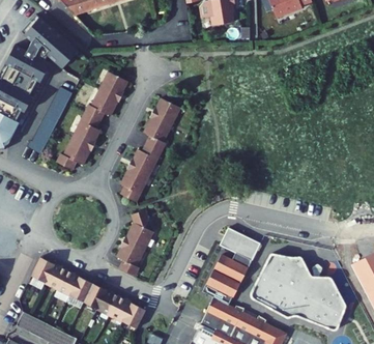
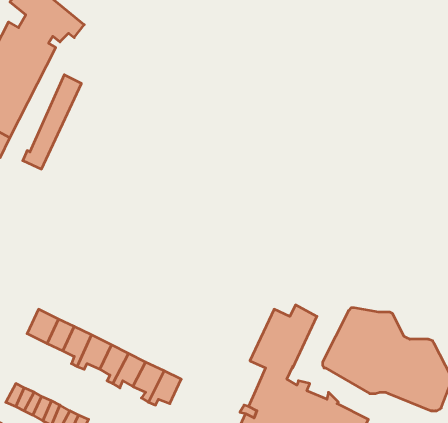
building: [57,69,126,169] -> none
building: [121,94,179,199] -> none
building: [115,210,155,277] -> none
building: [217,230,253,262] -> none

